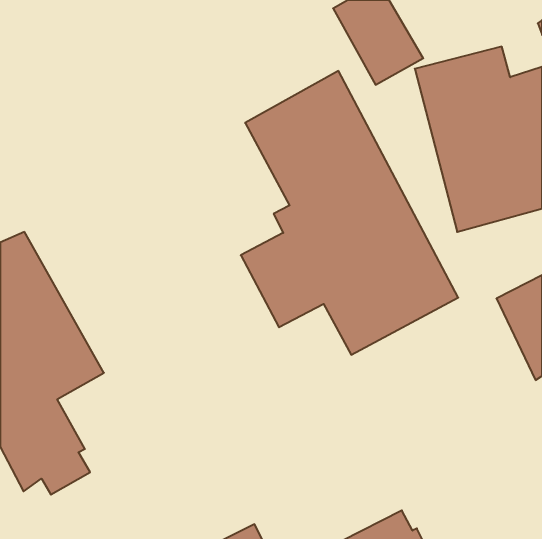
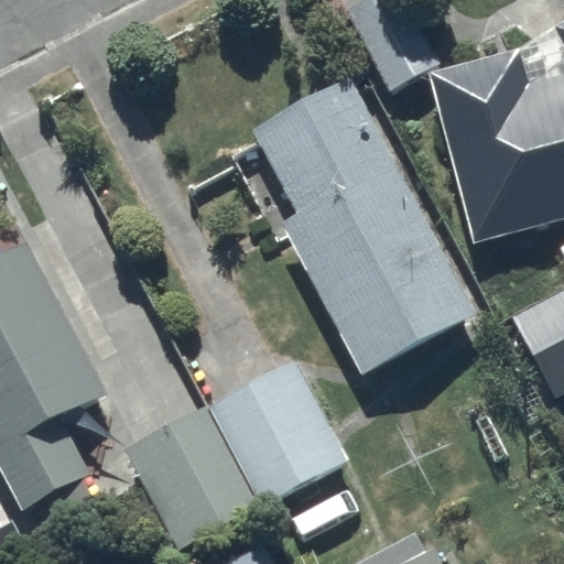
building: none -> [124,361,346,549]

